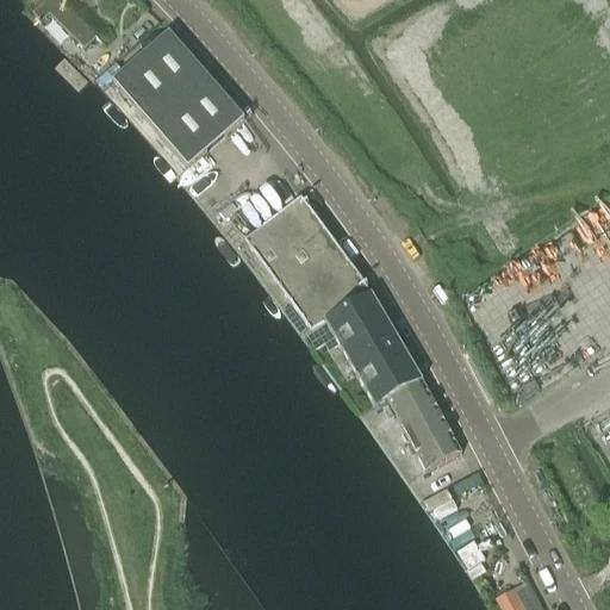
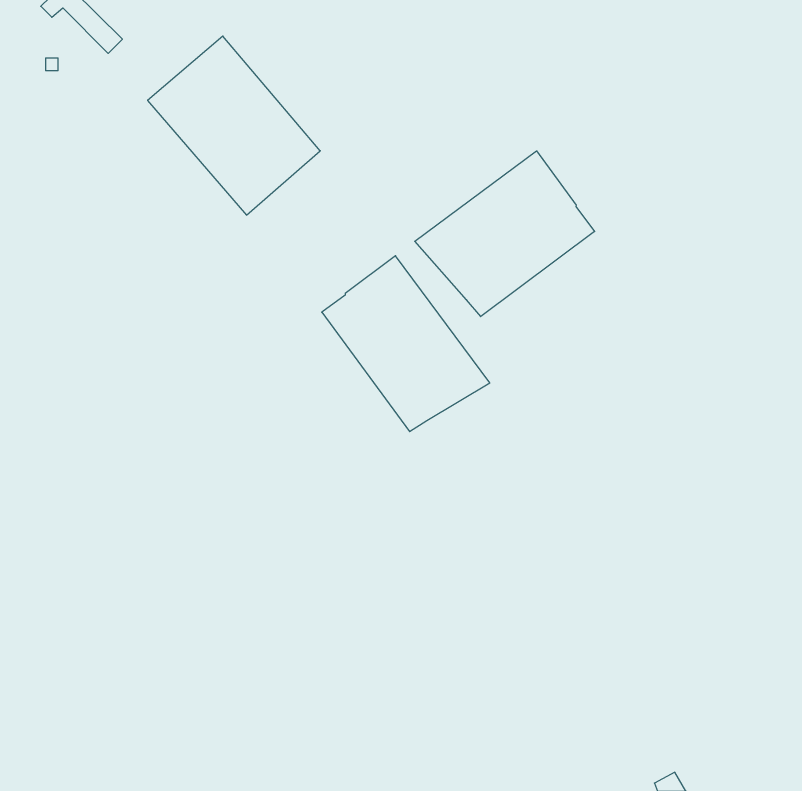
building: none -> [415,151,595,317]
building: [324,291,460,467] -> none

